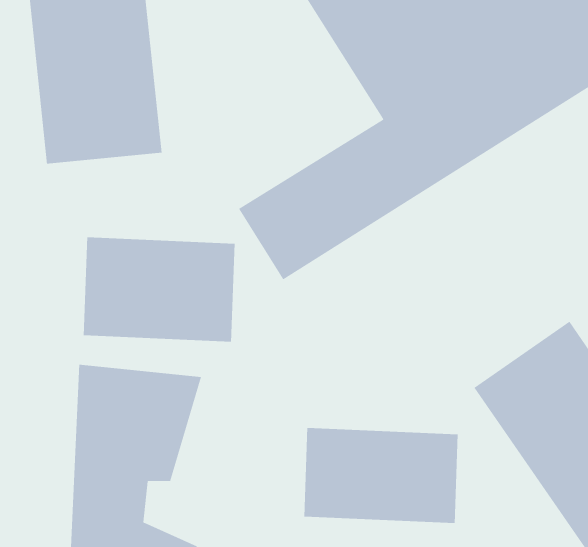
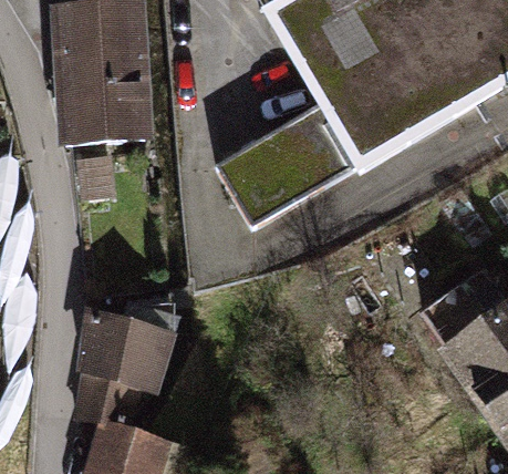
building: [83,236,235,343] -> none
building: [304,427,458,524] -> none

